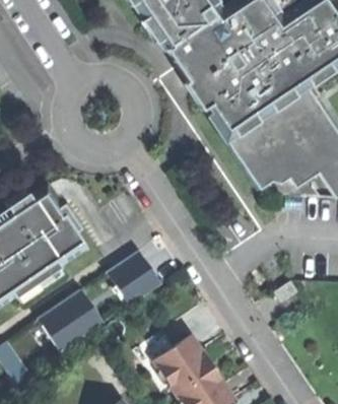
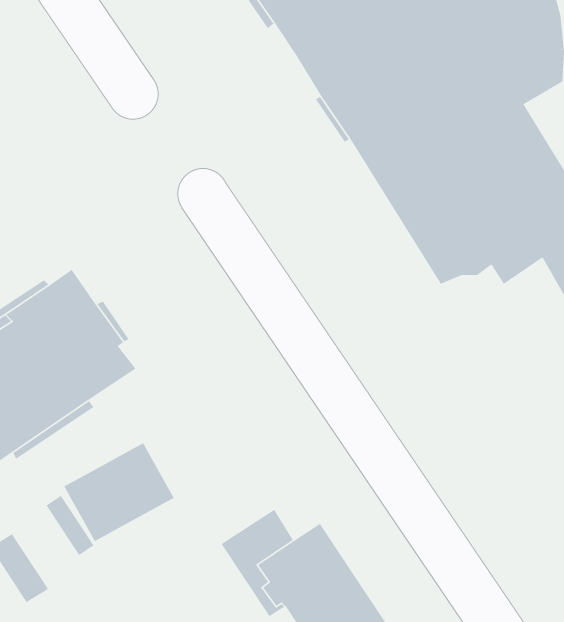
building: [111,248,165,302] -> none

